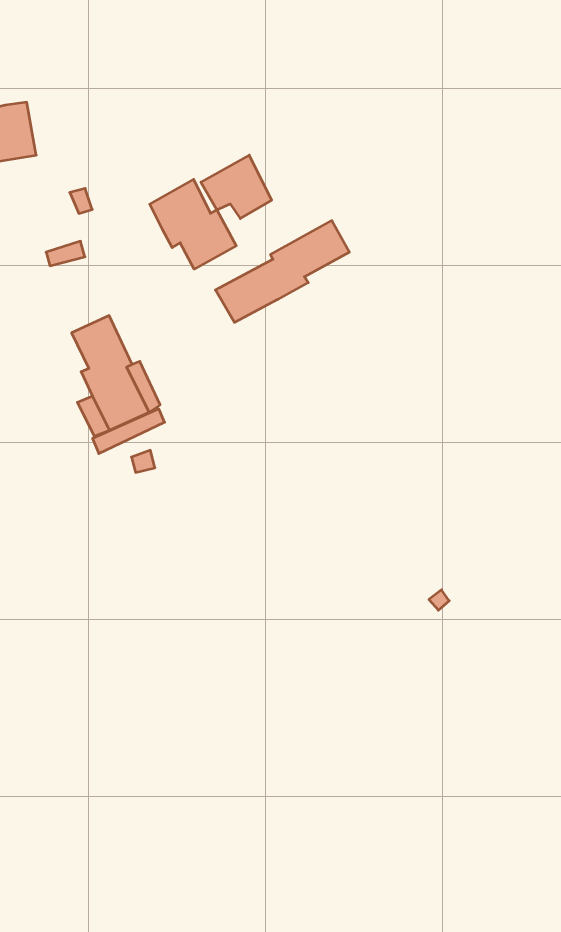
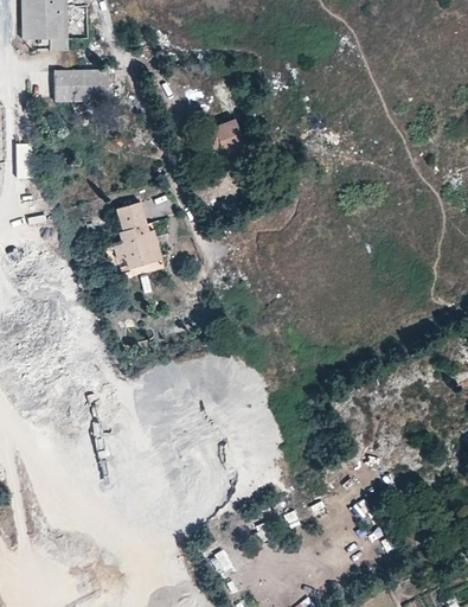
building: [150,179,236,269] -> none
building: [215,221,349,322] -> none

